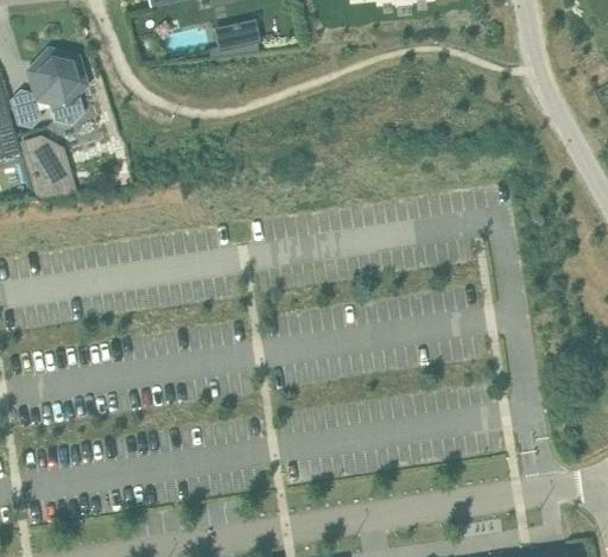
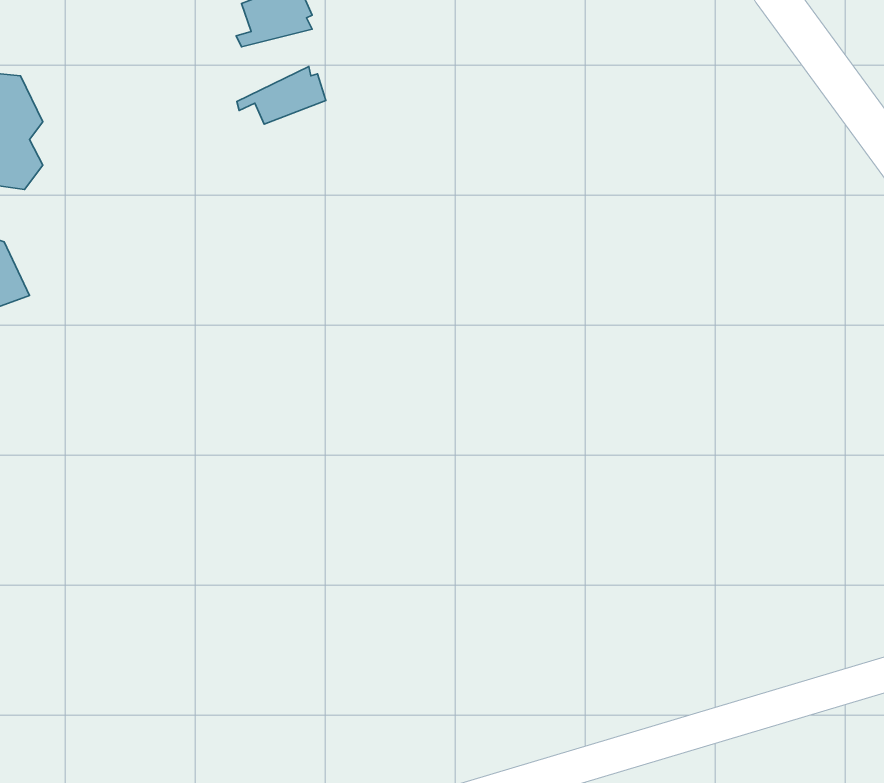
building: none -> [237,66,326,124]

